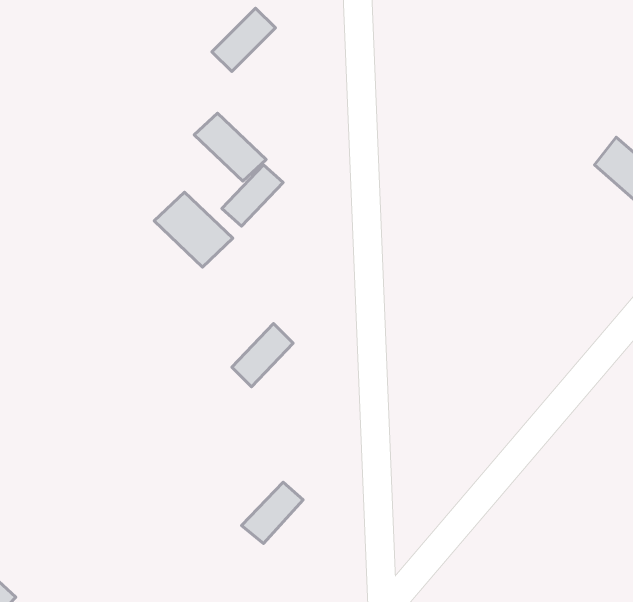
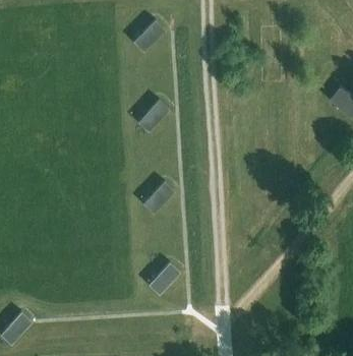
building: [194,113,266,181] -> none
building: [154,192,233,267] -> none

